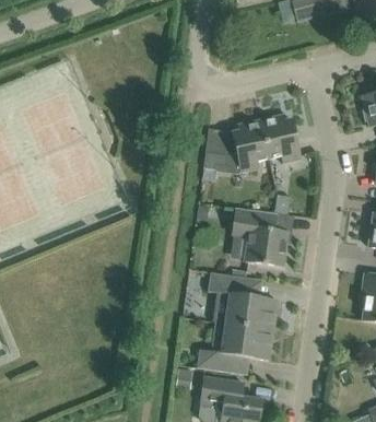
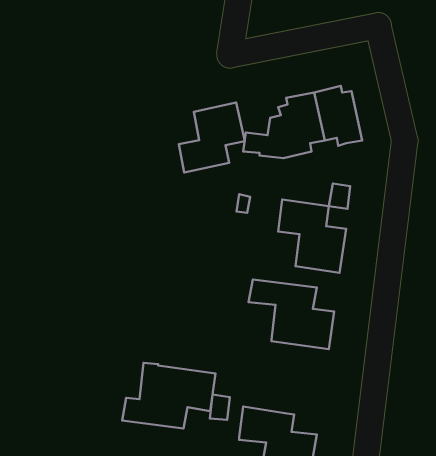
building: none -> [179,102,245,172]
building: [197,320,273,374] -> [122,363,216,428]

